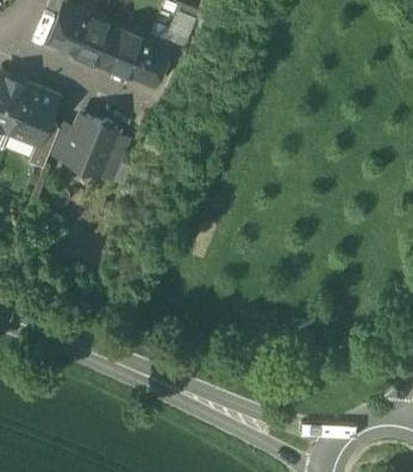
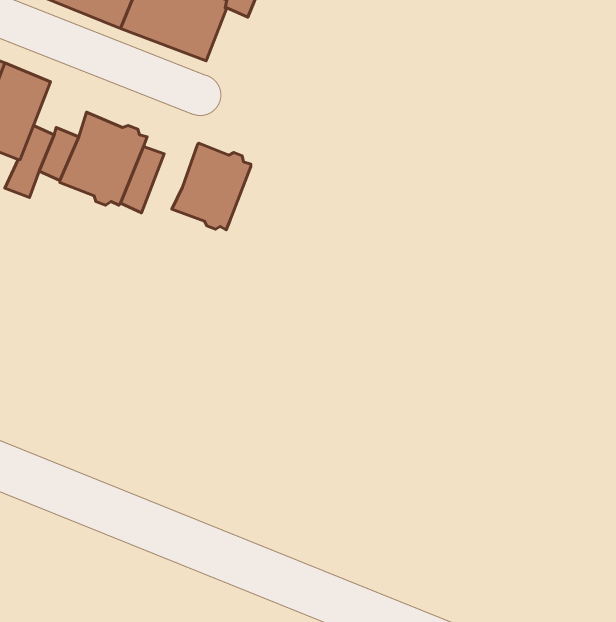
building: none -> [172,143,251,230]

